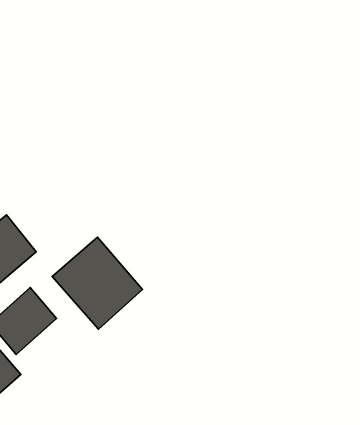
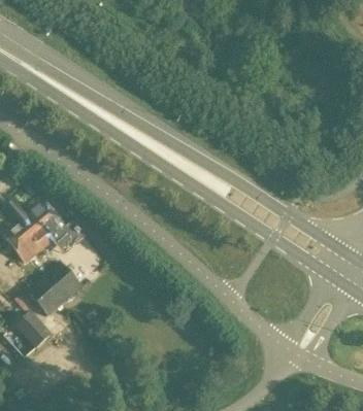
building: [52,237,143,329] -> none

